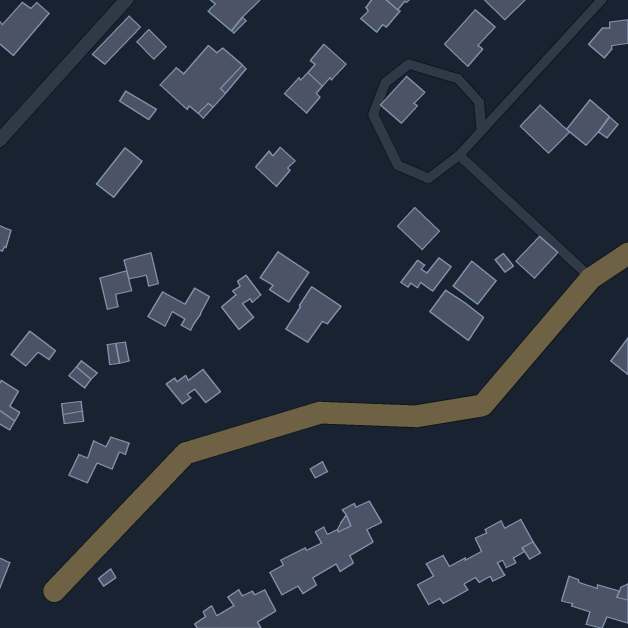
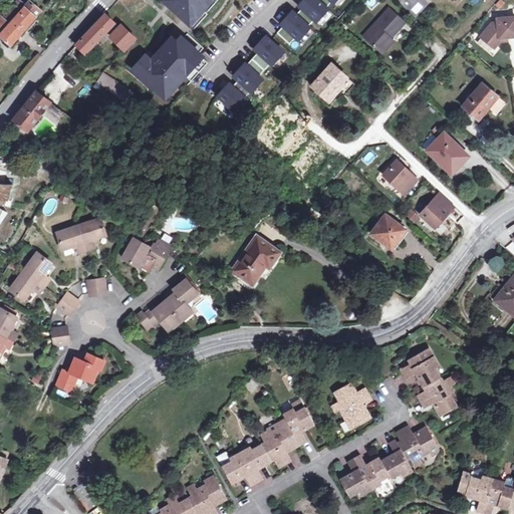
building: none -> [276,12,308,44]
building: [520,105,570,153] -> [427,134,467,173]
building: [256,147,295,187] -> [217,80,249,112]
building: [96,148,142,197] -> [13,90,50,131]
building: [398,208,439,250] -> [383,160,418,194]
building: [260,252,309,302] -> none
building: [124,253,158,286] -> [59,227,87,254]
building: [401,258,451,291] -> none
building: [222,275,261,329] -> [166,275,198,319]
building: [430,290,484,340] -> none
building: none -> [24,252,50,286]
building: none -> [399,347,452,416]
building: none -> [333,384,374,429]

